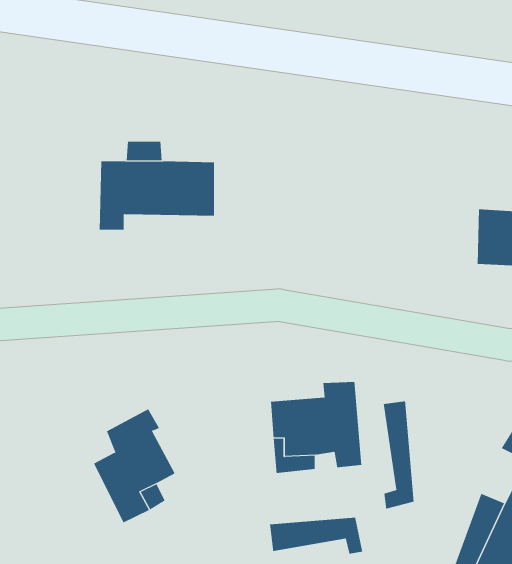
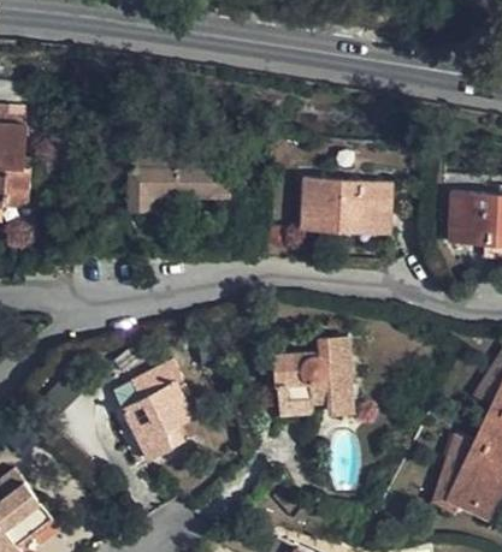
building: none -> [302,182,390,232]
building: [383,400,414,510] -> none
building: [270,517,363,554] -> none

